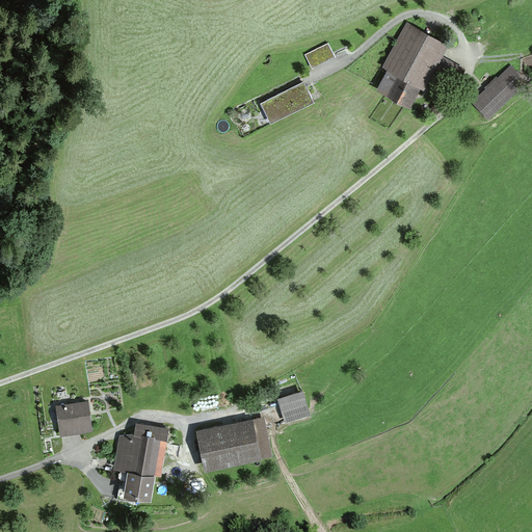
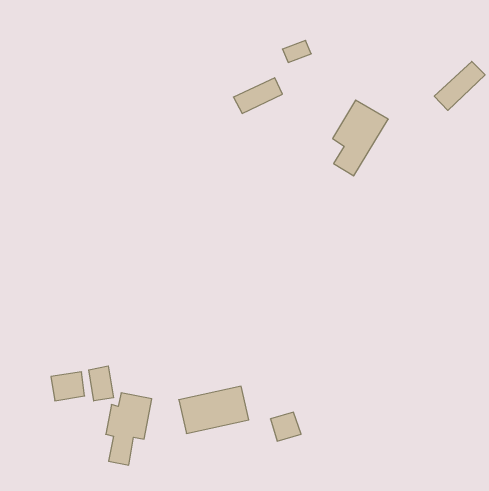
building: [380,27,441,109] -> [333,100,388,176]
building: [280,392,313,423] -> [270,412,301,441]
building: none -> [89,366,113,401]

